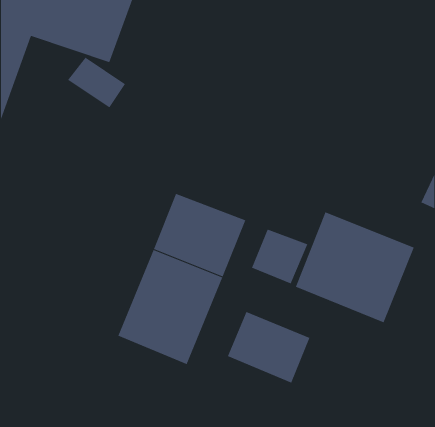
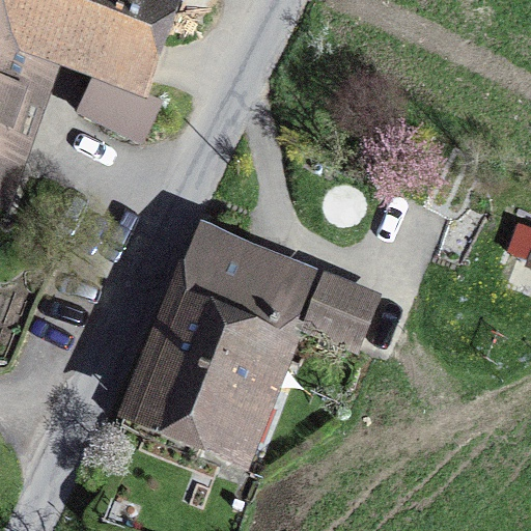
building: [295,211,415,323] -> none
building: [227,311,310,383] -> none

